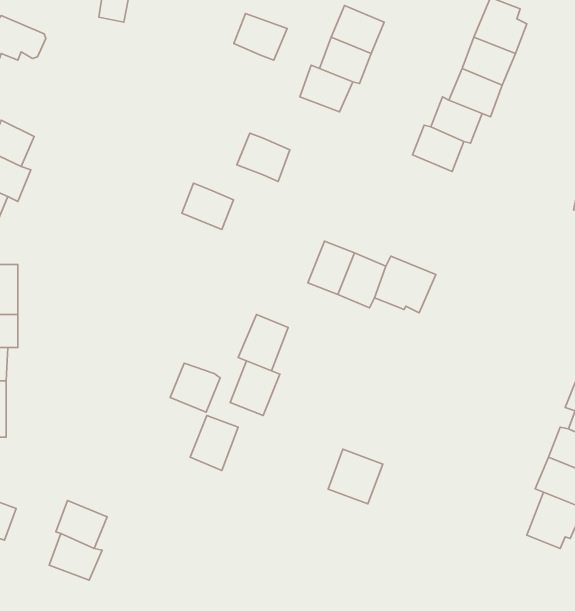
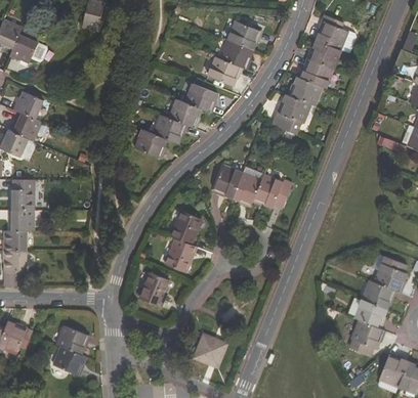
building: [234,14,287,60] -> [185,83,218,112]
building: none -> [153,114,185,143]
building: [170,363,220,412] -> none
building: [328,449,383,504] -> [194,333,227,366]

